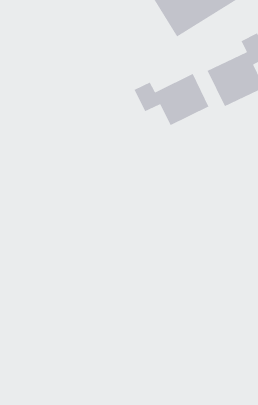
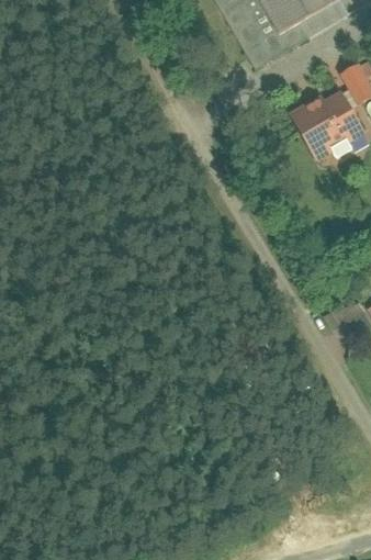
building: [134,73,210,126] -> none

